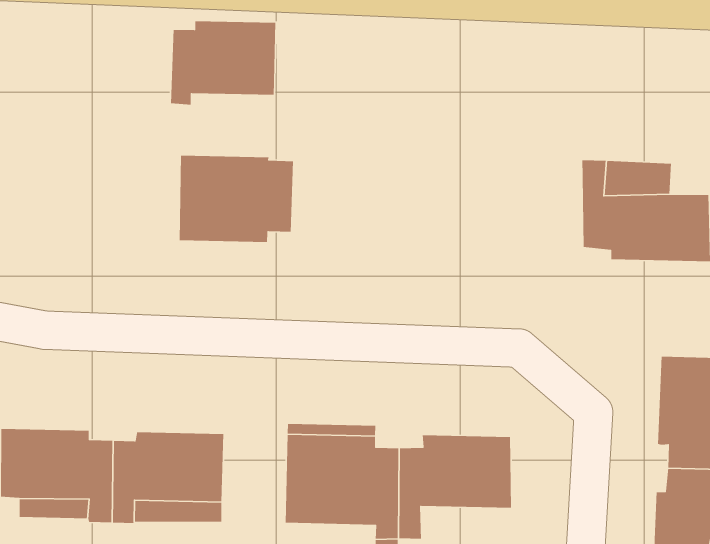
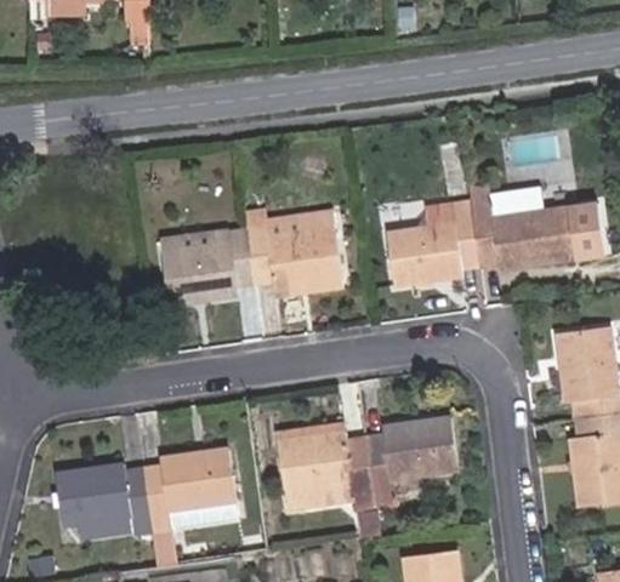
building: [170,20,276,105] -> none
building: none -> [244,210,343,297]
building: none -> [389,205,482,283]

